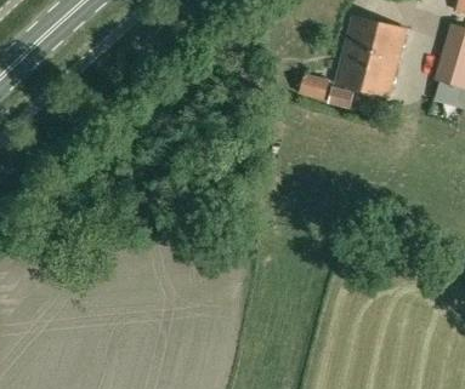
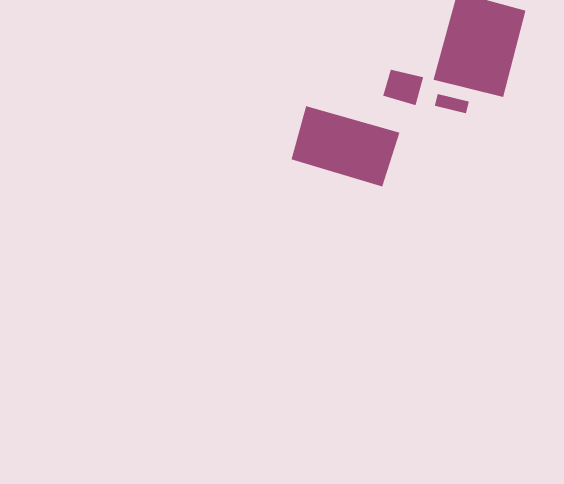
building: none -> [290,105,400,187]

